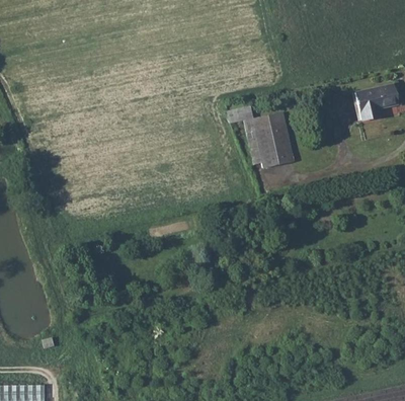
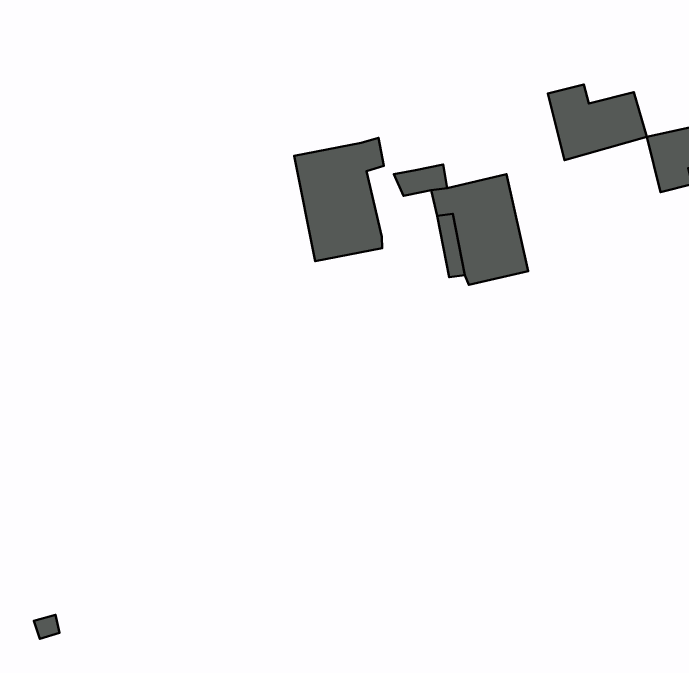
building: none -> [548,84,647,160]
building: none -> [294,138,384,261]

